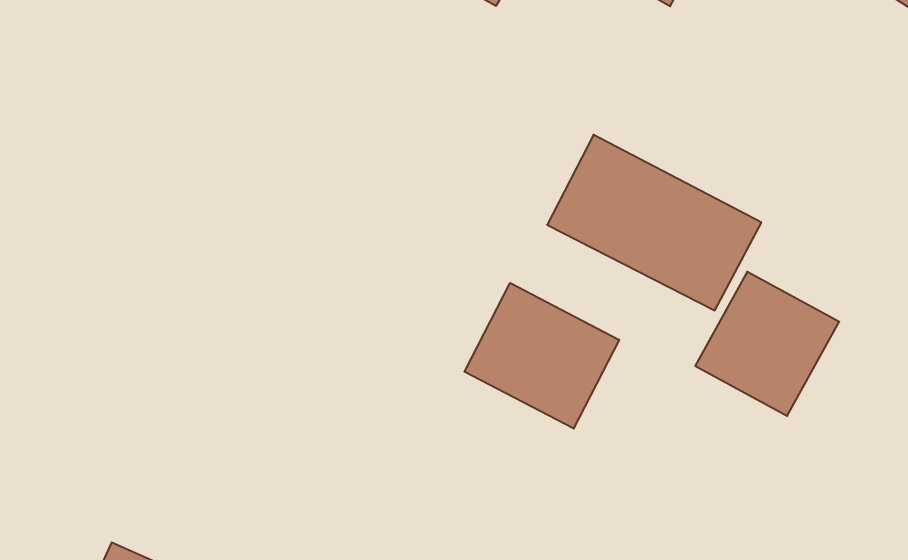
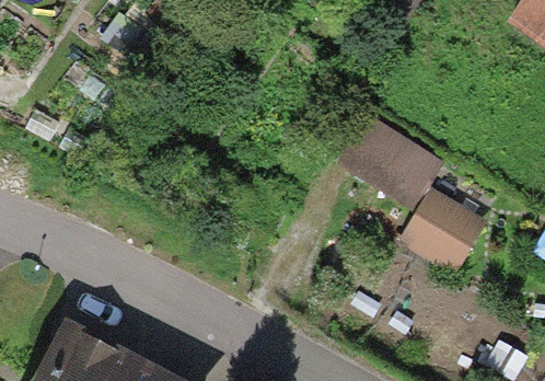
building: [464,283,619,429] -> none

